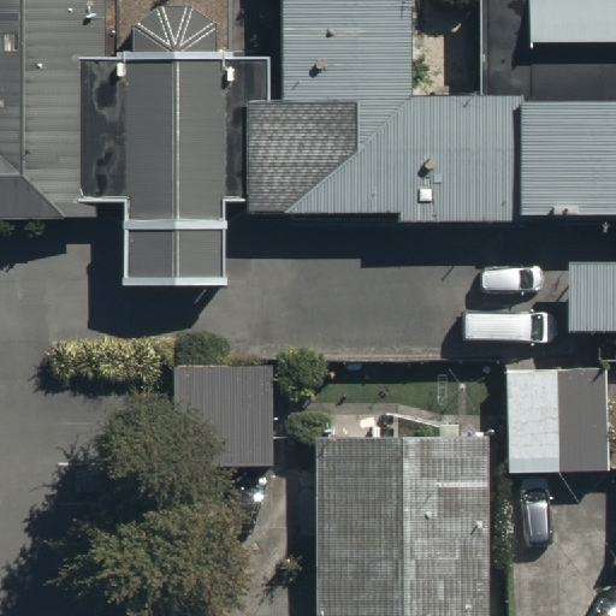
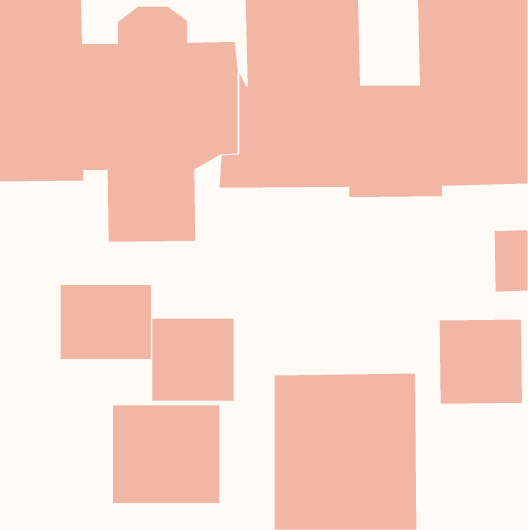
building: none -> [60,284,151,360]
building: none -> [112,404,220,504]

